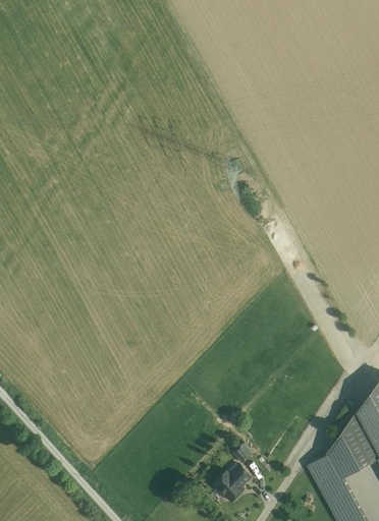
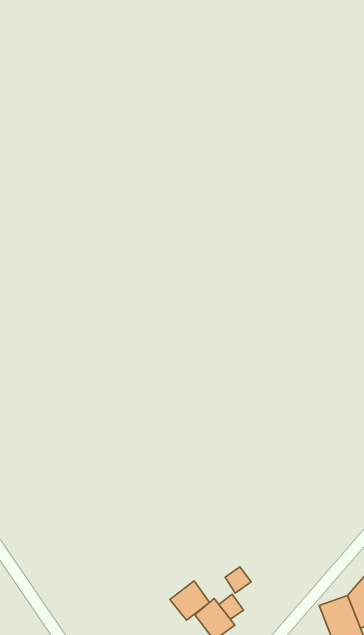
building: none -> [170,581,210,620]

